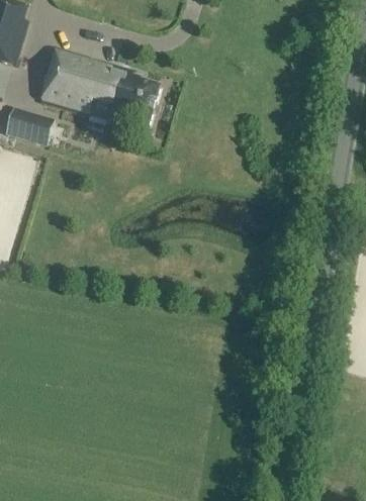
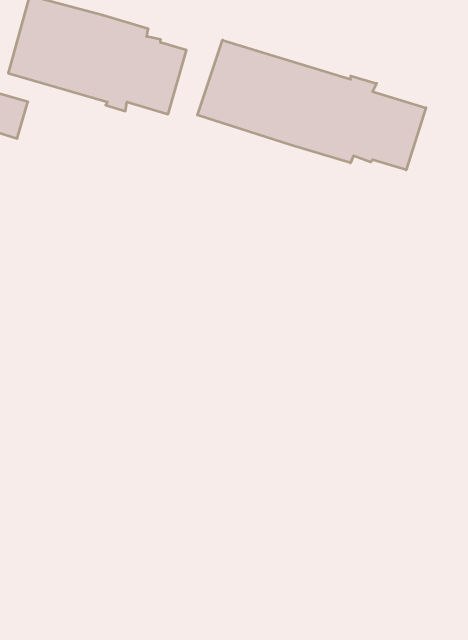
building: none -> [197,40,426,170]

